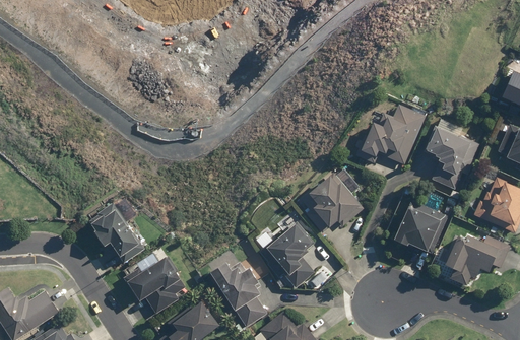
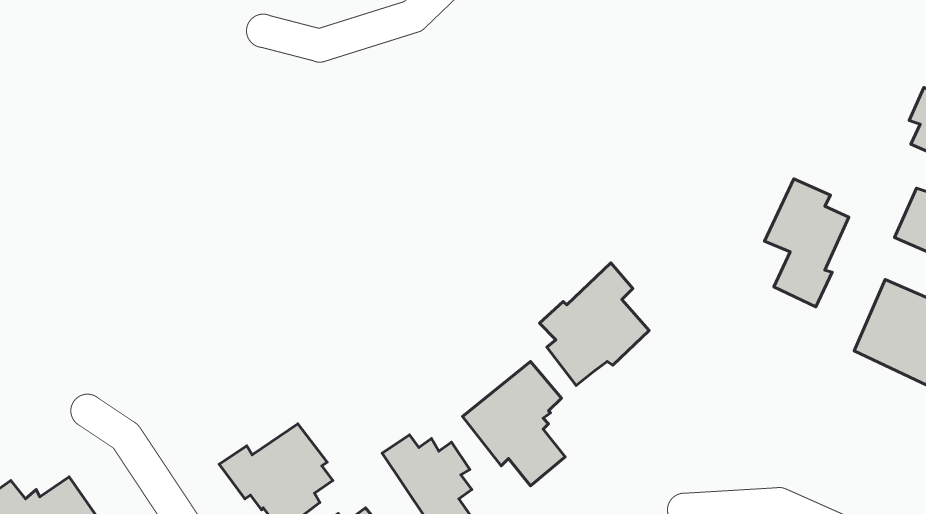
building: [356,105,426,167] -> none
building: [394,201,448,252] -> none
building: [87,203,141,257] -> none
building: [446,235,511,287] -> none

